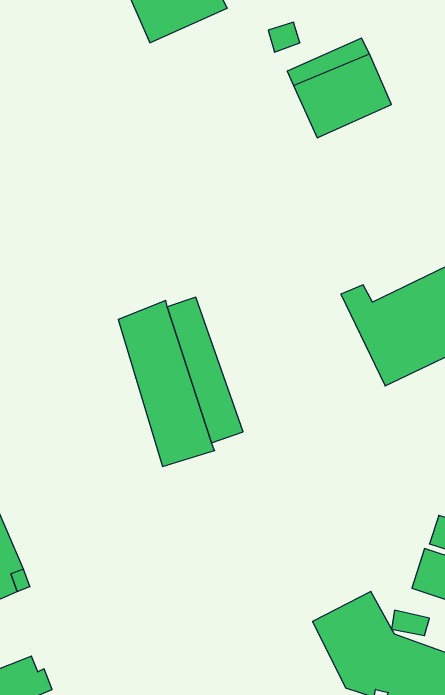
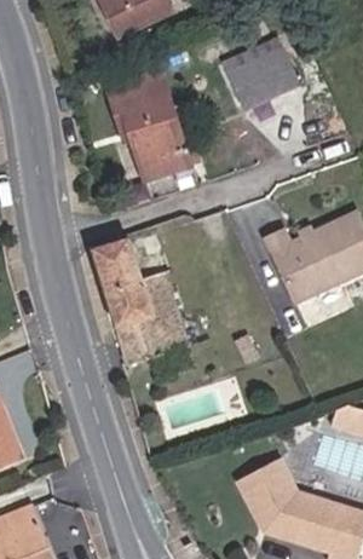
building: none -> [108,67,191,181]

